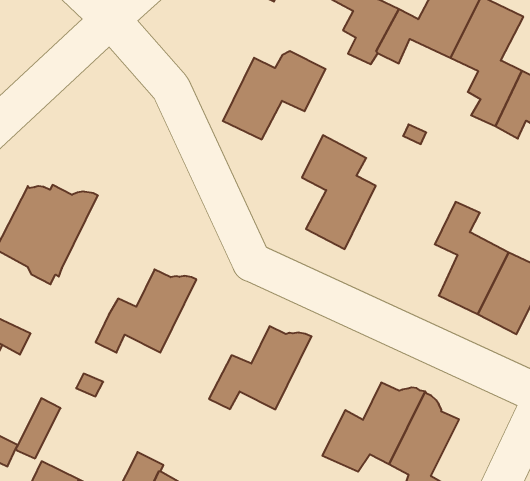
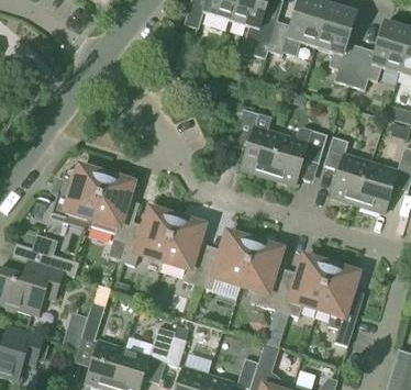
building: [223,51,326,139] -> [268,126,327,185]
building: none -> [90,168,136,242]
building: none -> [163,211,208,285]
building: none -> [241,235,285,309]

